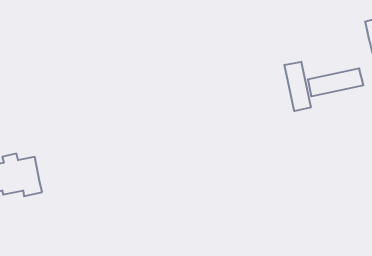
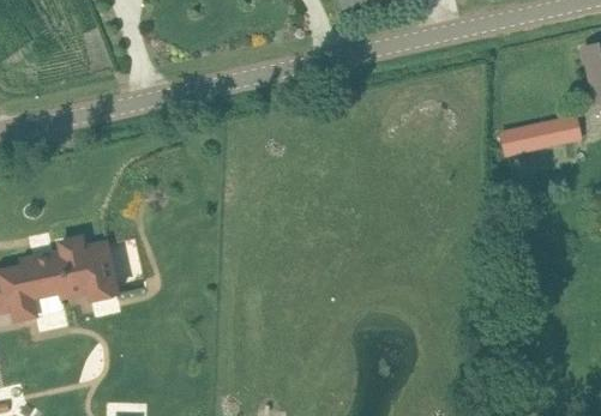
building: [284,62,311,111] -> none

